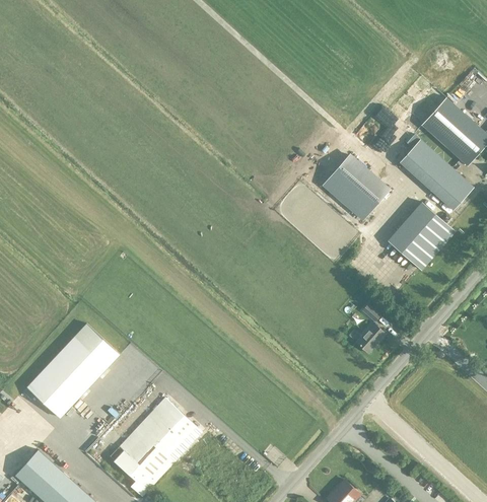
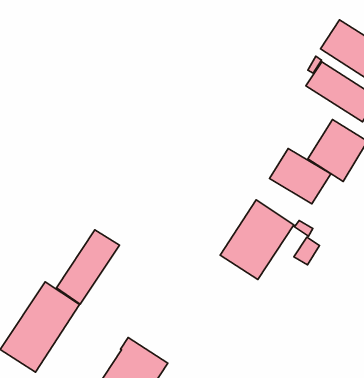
building: [323,156,389,219] -> [269,149,331,204]
building: none -> [220,200,294,279]
building: none -> [57,230,119,304]

